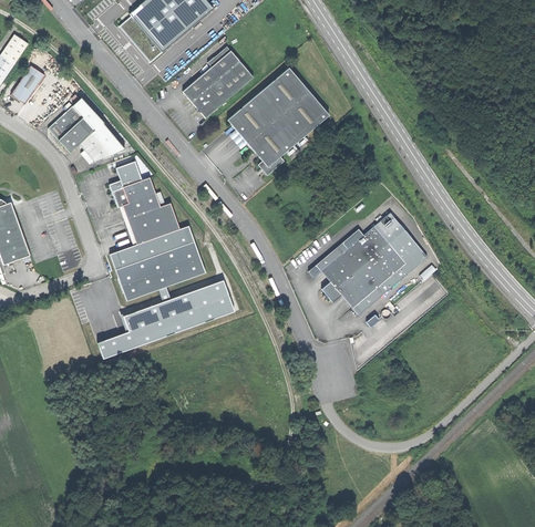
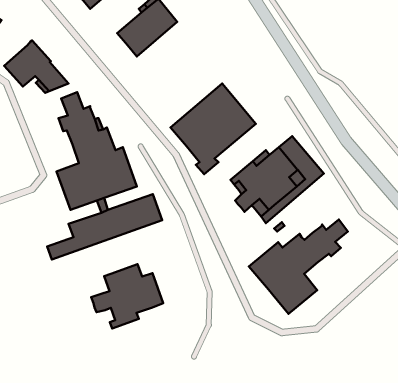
building: [227,66,328,174] -> [171,84,256,174]
building: none -> [249,219,348,314]
building: none -> [91,264,163,328]

